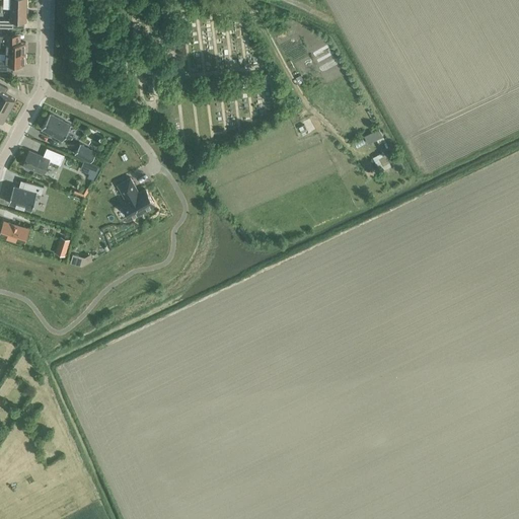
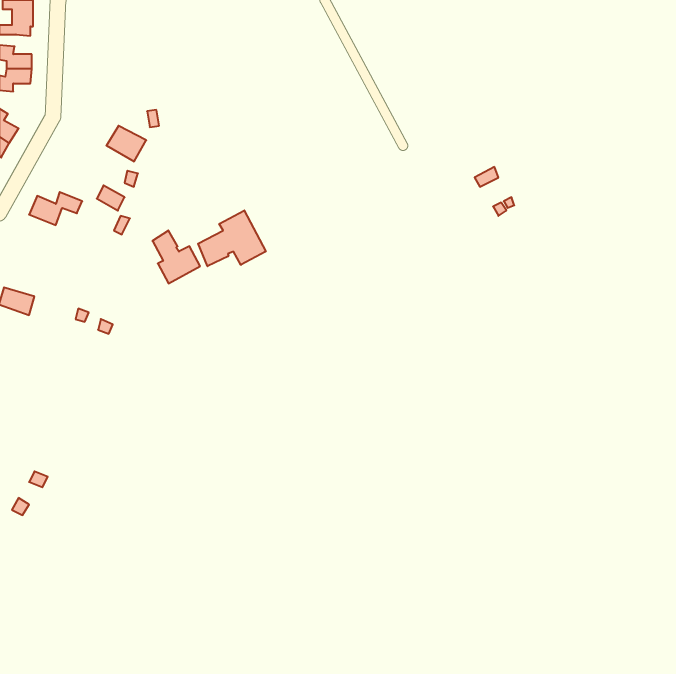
building: [40,115,70,142] -> [106,126,146,161]
building: none -> [198,210,266,266]
building: [7,182,43,211] -> none

